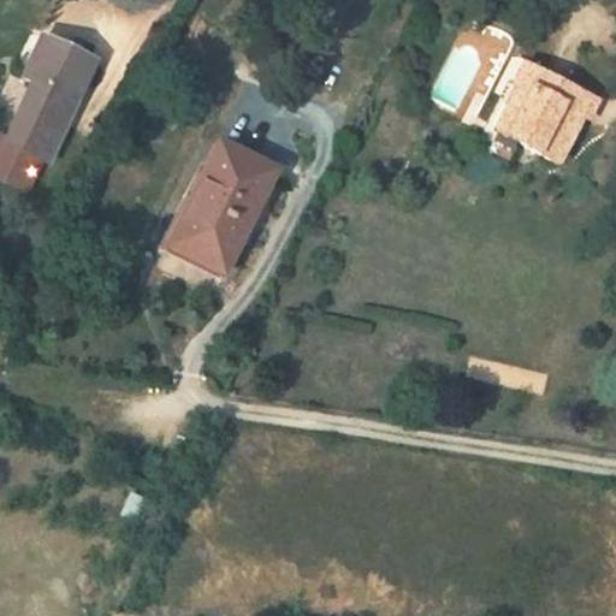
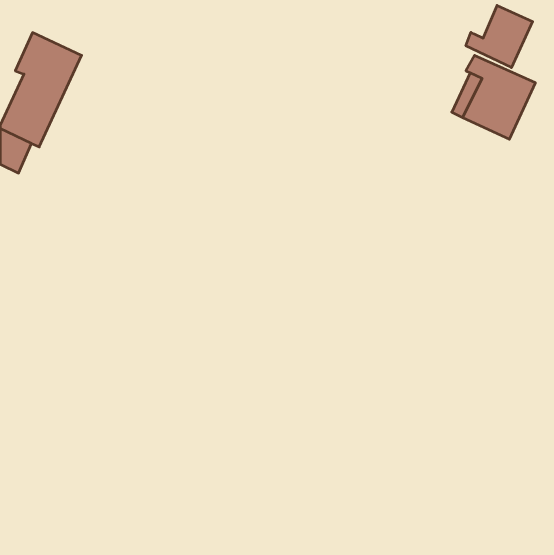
building: none -> [466,5,533,68]
building: [170,143,278,274] -> none

